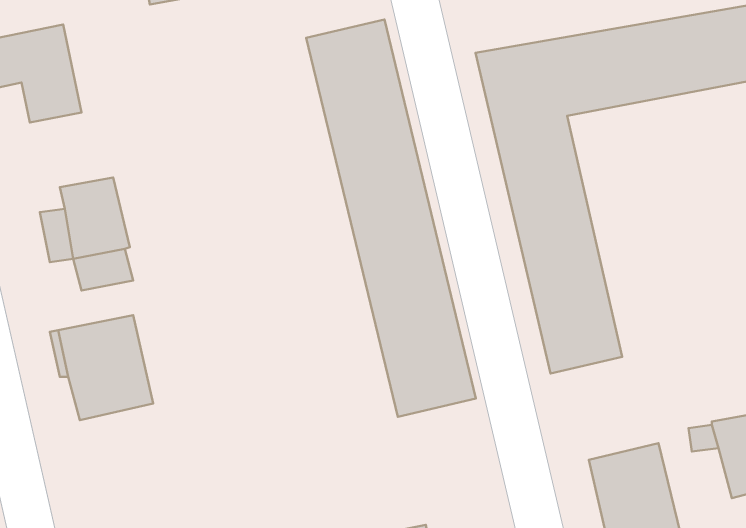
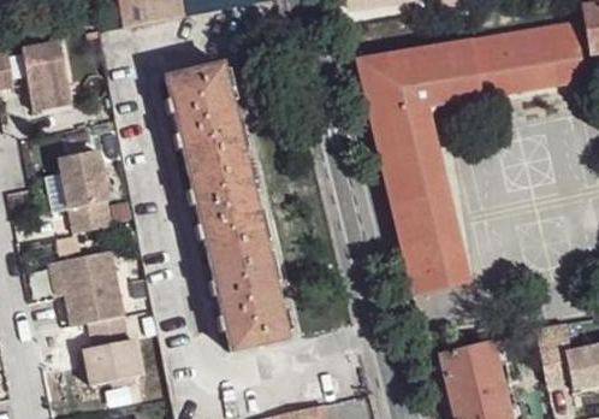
building: [306,20,476,417] -> [165,63,287,350]
building: none -> [84,336,142,383]

